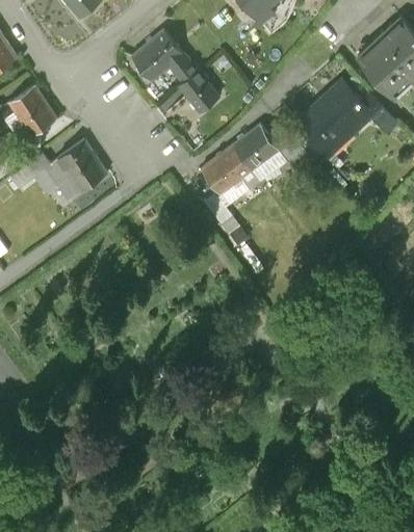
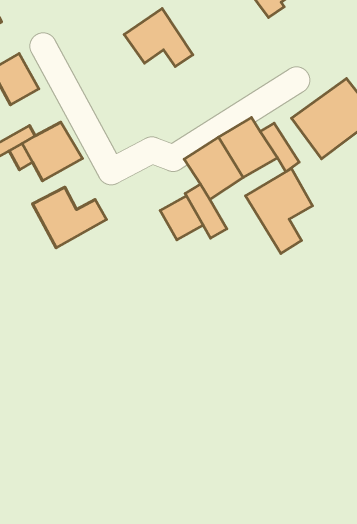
building: [175,72,218,115] -> none
building: none -> [245,169,313,254]
building: none -> [160,196,203,240]
building: none -> [32,187,107,248]

